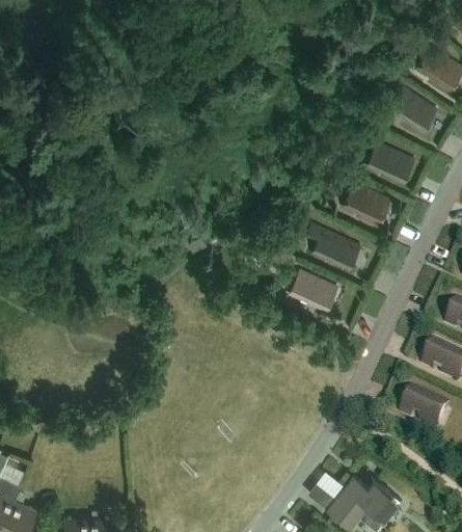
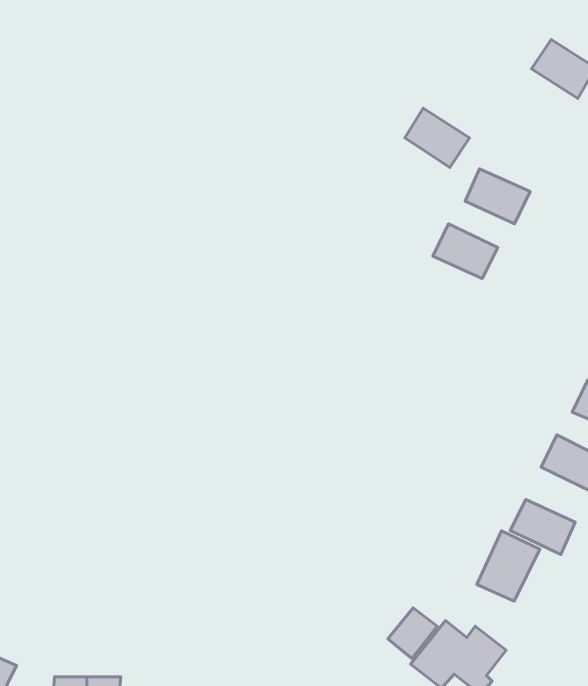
building: [389,88,437,132] -> [405,108,470,167]
building: [308,224,361,270] -> none
building: [290,271,337,312] -> none
building: none -> [477,531,540,601]

